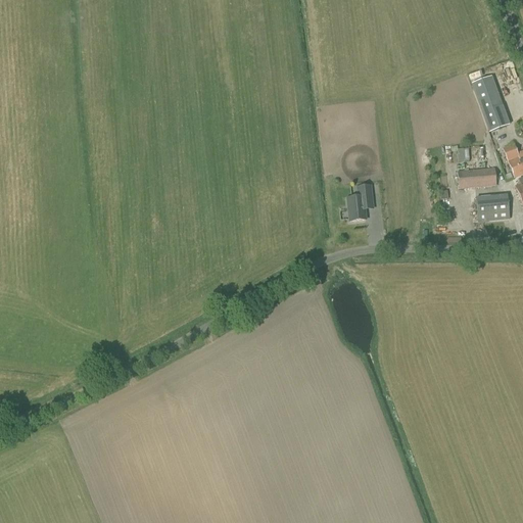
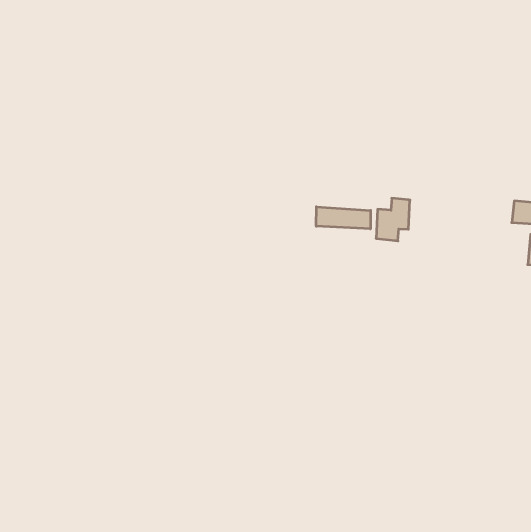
building: none -> [316,207,371,229]

